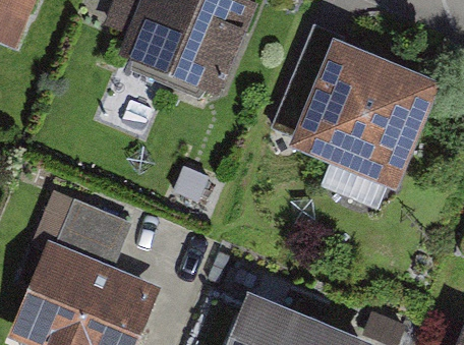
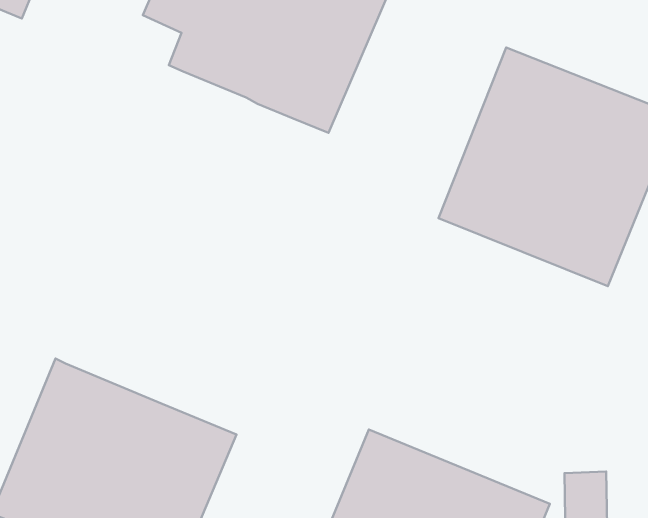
building: [53,199,133,271] -> none

